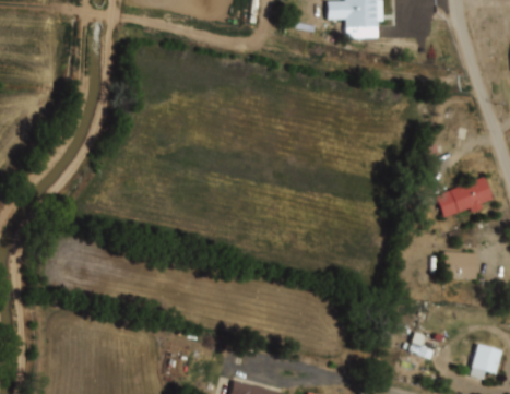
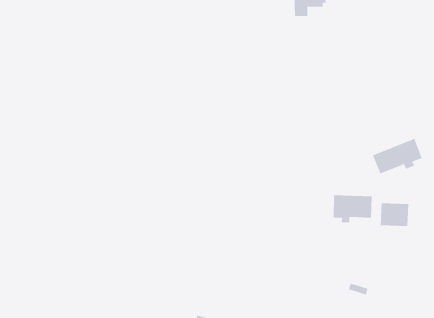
building: none -> [333,195,372,223]
building: [471,345,500,379] -> none

